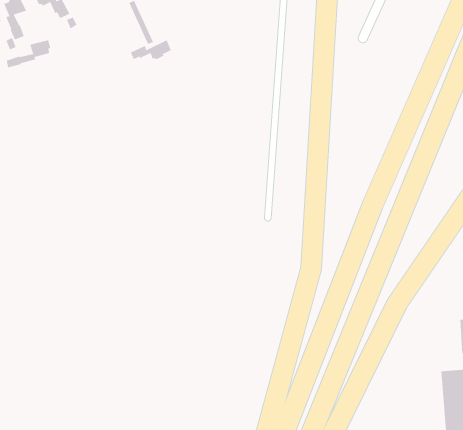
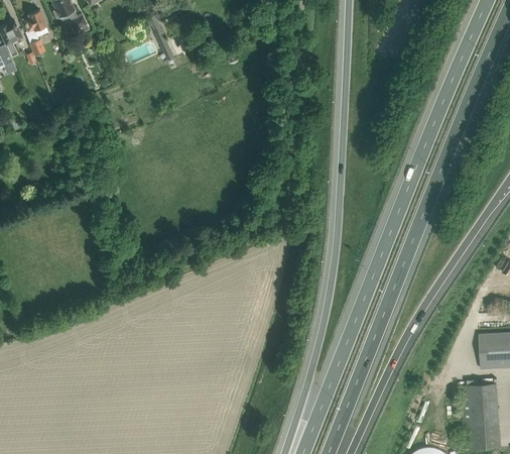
building: [6,39,51,68] -> none
building: [130,40,172,60] -> none

